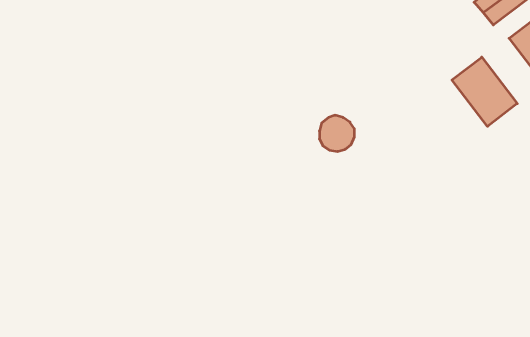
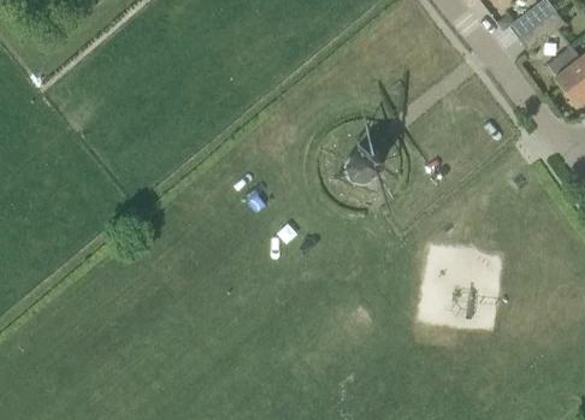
building: [452,57,517,126] -> none

